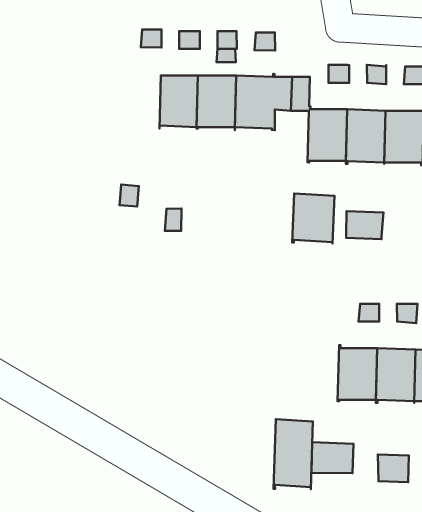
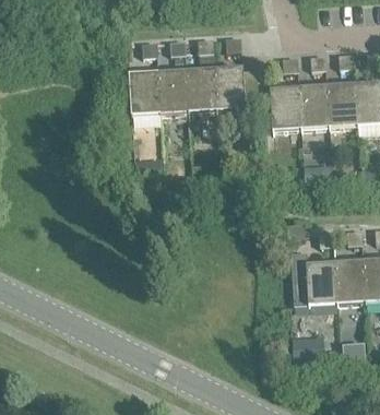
building: none -> [129,73,161,114]
building: [292,194,334,243] -> none
building: [274,419,313,489] -> none

